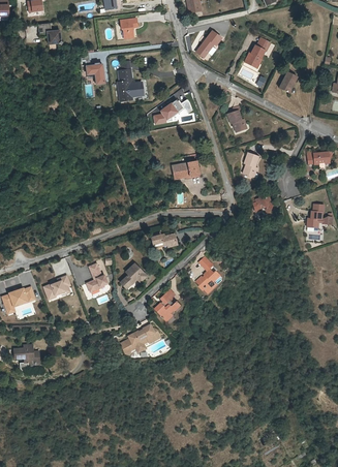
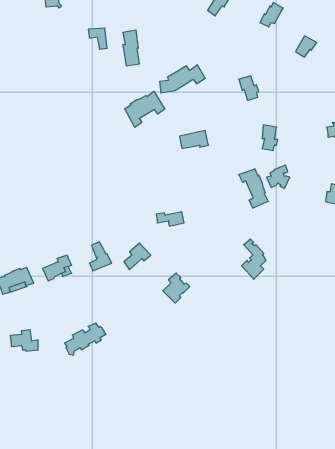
building: none -> [125,91,165,127]
building: none -> [239,169,268,208]
building: [197,255,220,292] -> [242,239,266,279]
building: [121,324,159,354] -> [65,323,106,355]

